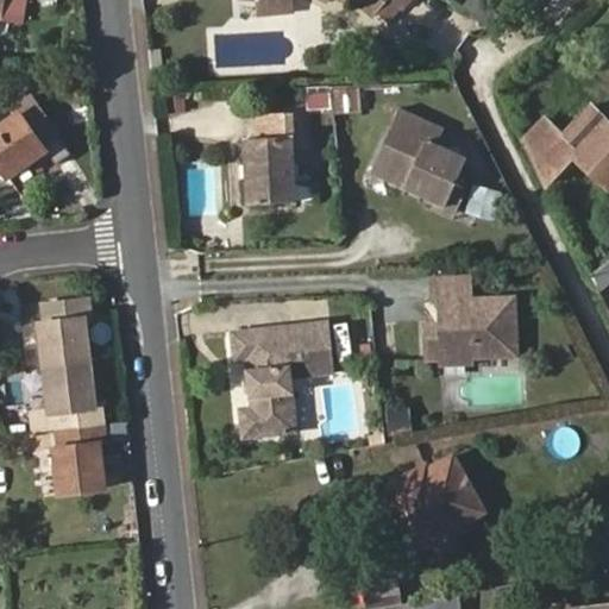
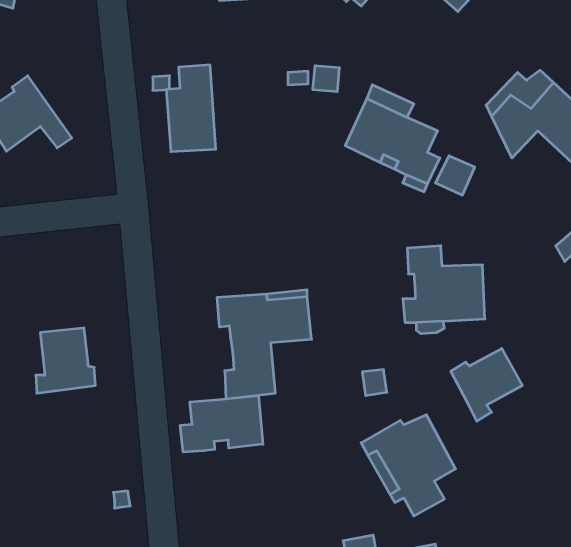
building: [243,113,295,205] -> [166,65,216,152]
building: [40,299,92,368] -> none
building: none -> [451,348,522,421]
building: [54,423,106,492] -> none
building: none -> [180,396,263,452]

